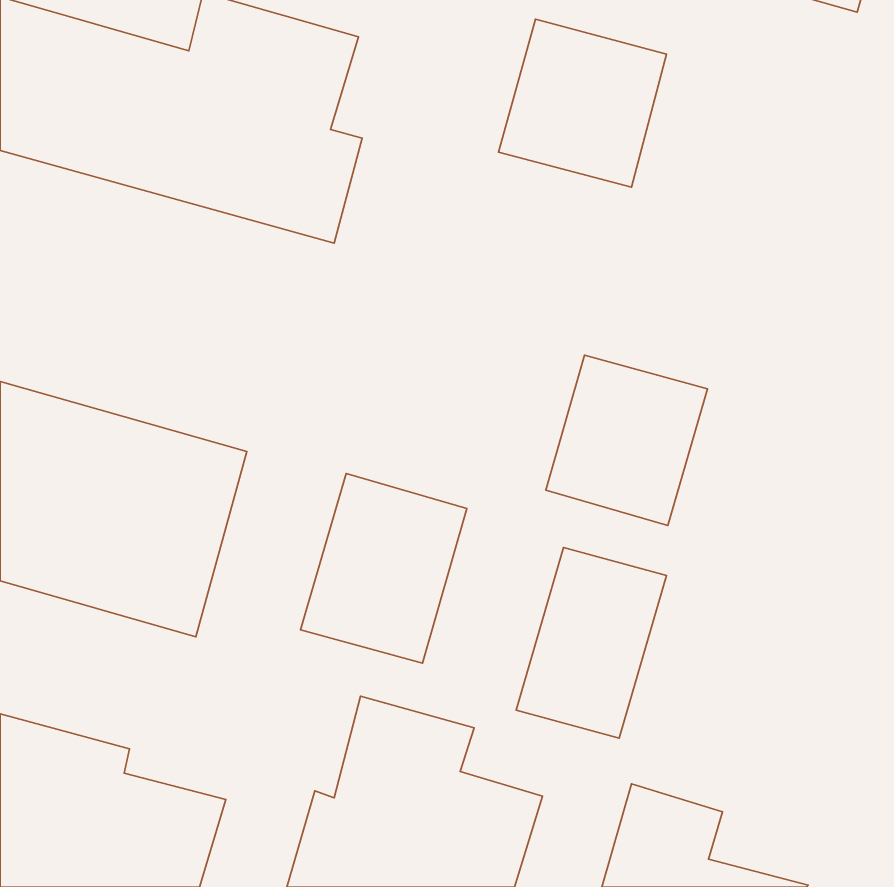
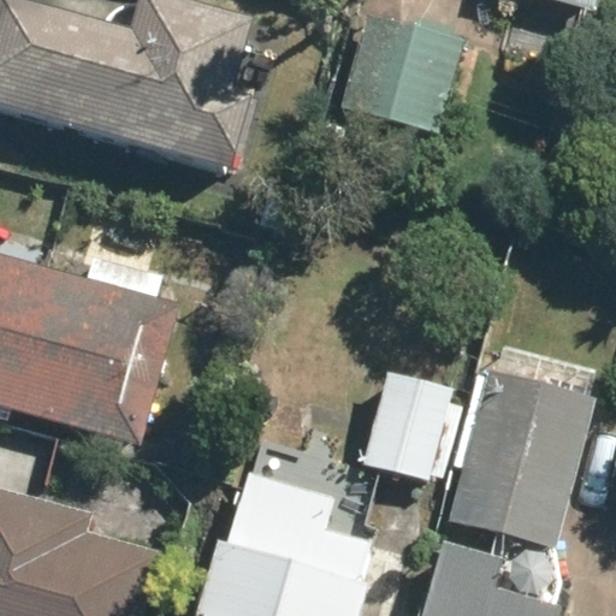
building: [546,355,708,526] -> none
building: [301,473,467,663] -> none
building: none -> [450,349,592,545]

